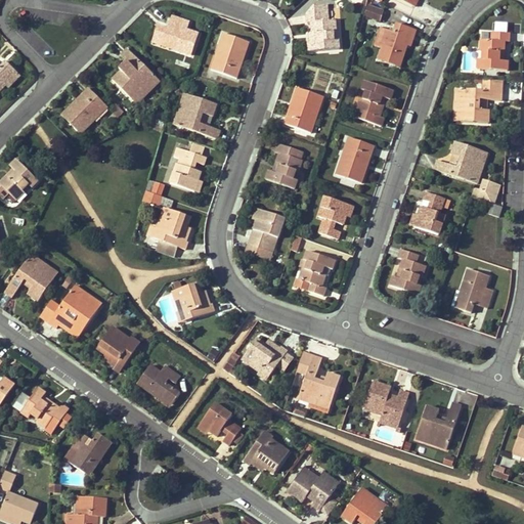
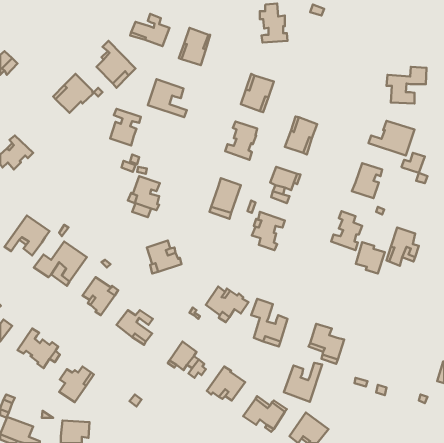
building: [375,23,414,66] -> none
building: [477,32,510,69] -> none
building: [354,81,393,125] -> none
building: [170,147,206,190] -> [110,109,141,145]
building: none -> [356,242,385,274]
building: [416,403,461,449] -> [284,363,322,402]

